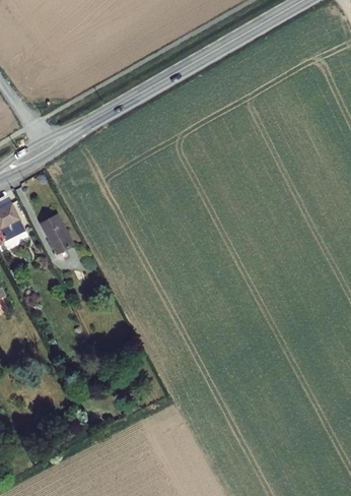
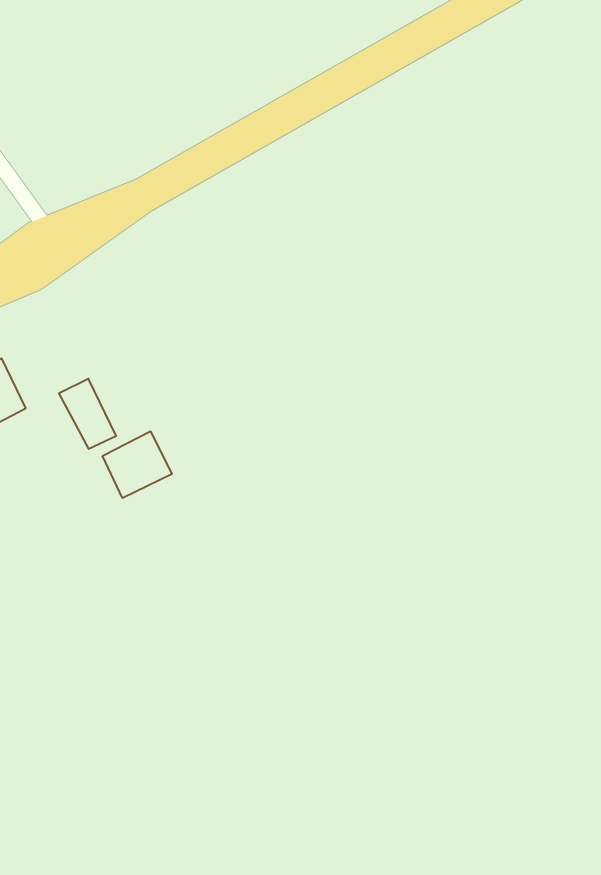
building: none -> [103,431,172,498]

